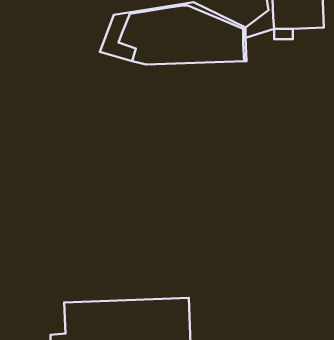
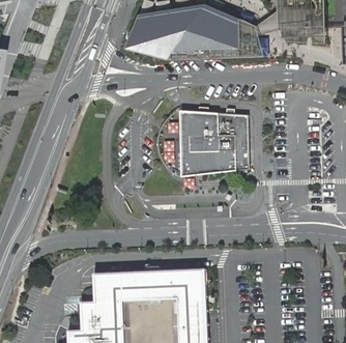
building: none -> [178,107,249,176]

